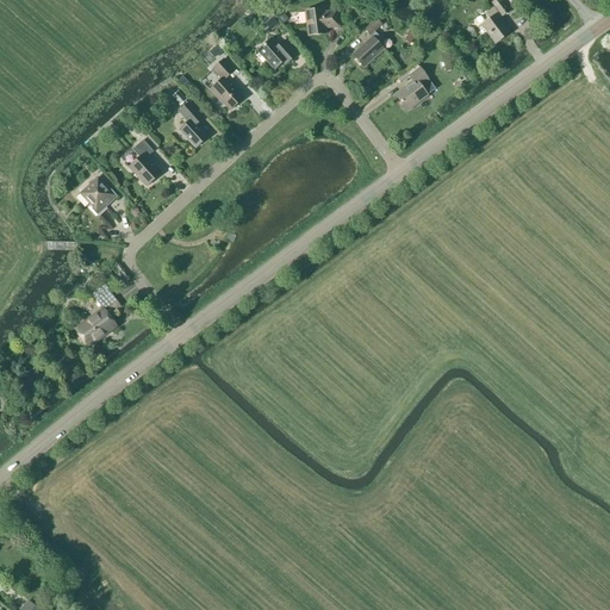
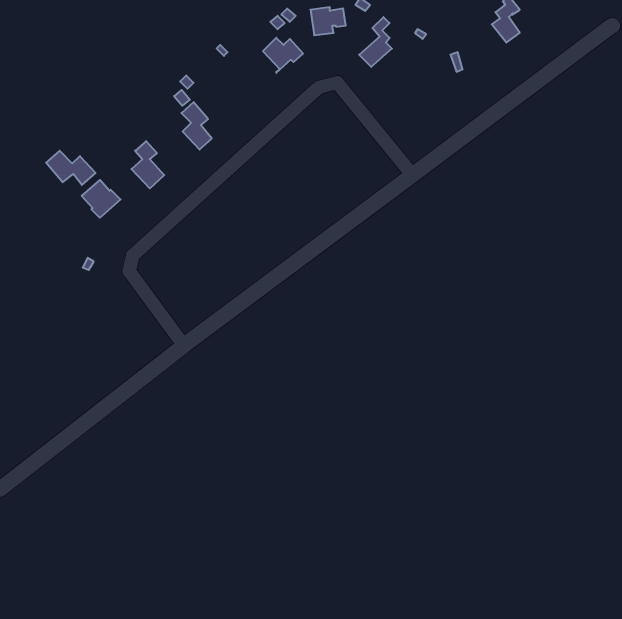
building: [210,57,243,108] -> none
building: [396,67,429,108] -> none
building: none -> [46,151,95,185]
building: [76,281,124,344] -> none

